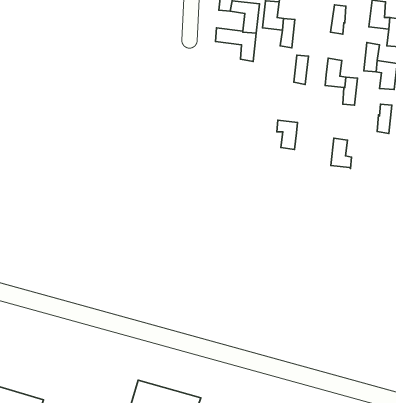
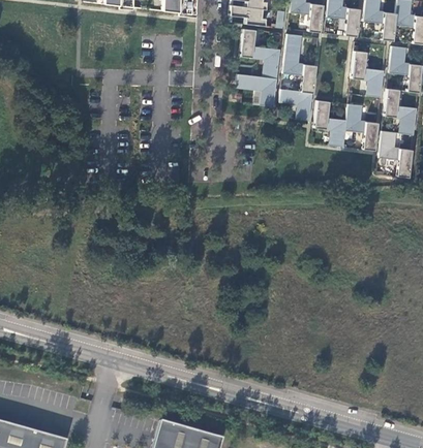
building: none -> [363,68,384,97]
building: none -> [279,89,312,121]
building: [277,120,298,150] -> [326,118,346,147]
building: [331,138,352,168] -> [380,130,400,160]

